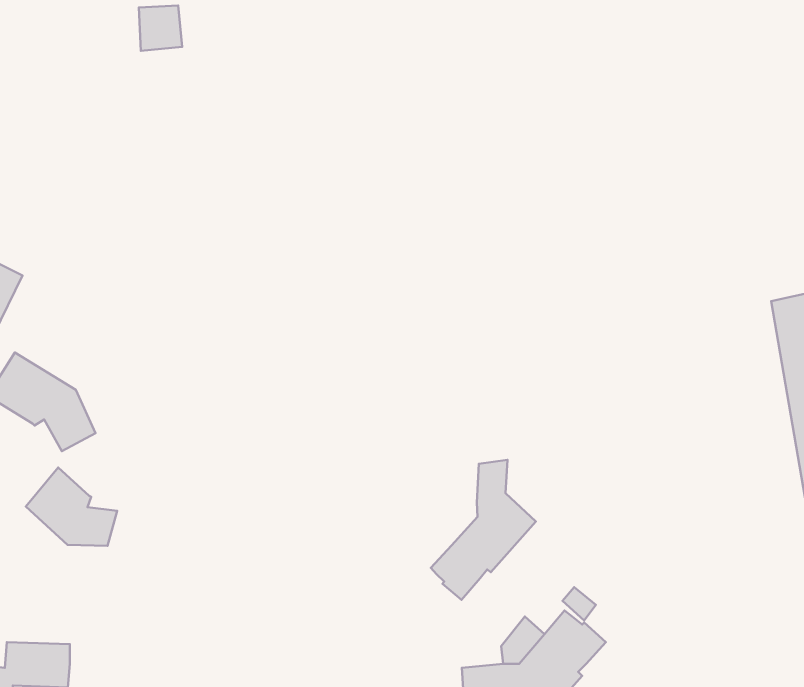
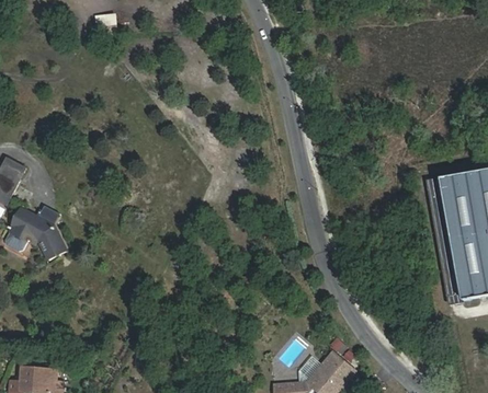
building: [431,460,536,600] -> none
building: [26,467,117,546] -> none

